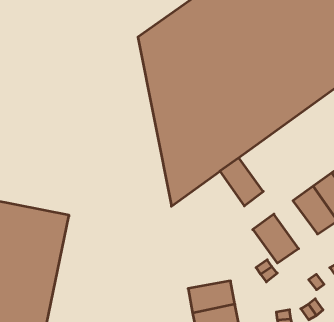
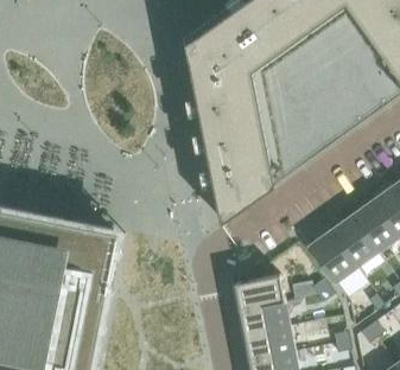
building: [220,158,263,206] -> [330,218,376,269]
building: none -> [234,278,284,312]

